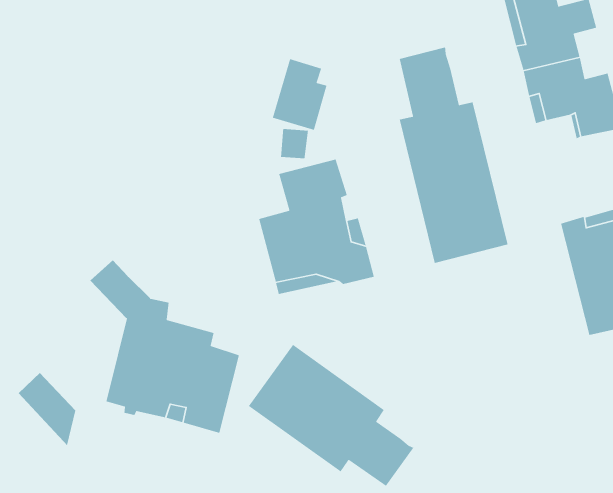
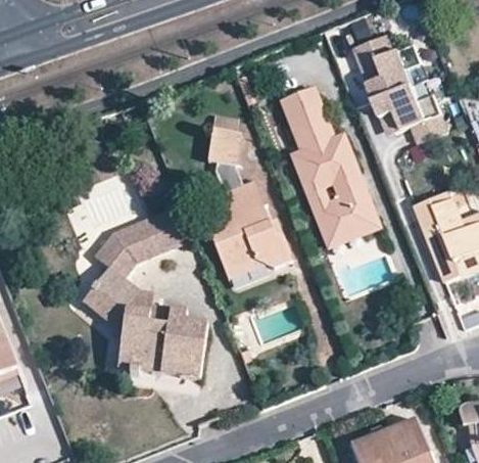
building: none -> [92,205,188,279]
building: [248,344,415,487] -> none
building: [18,372,76,446] -> [81,285,123,334]

